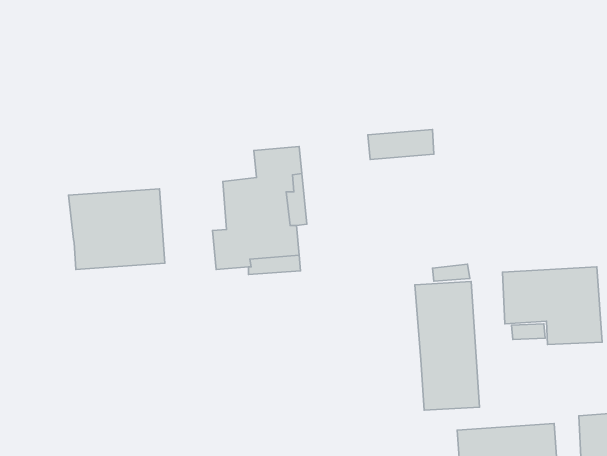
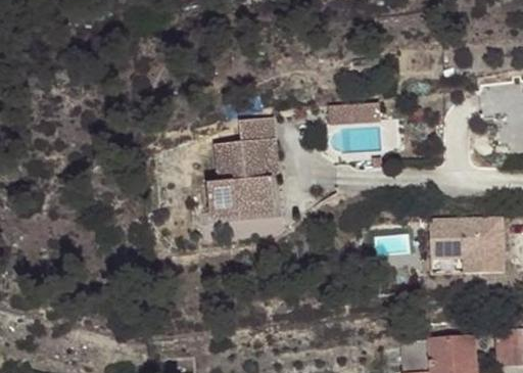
building: [69,189,165,269] -> none
building: [415,282,480,410] -> none

